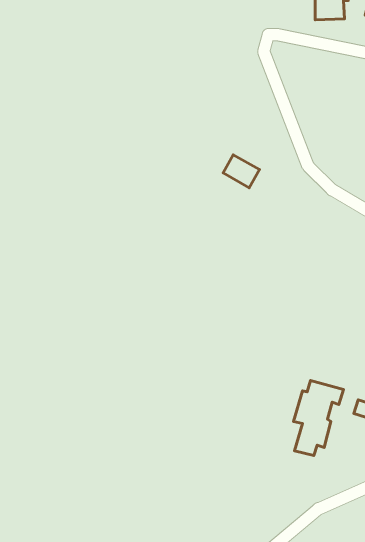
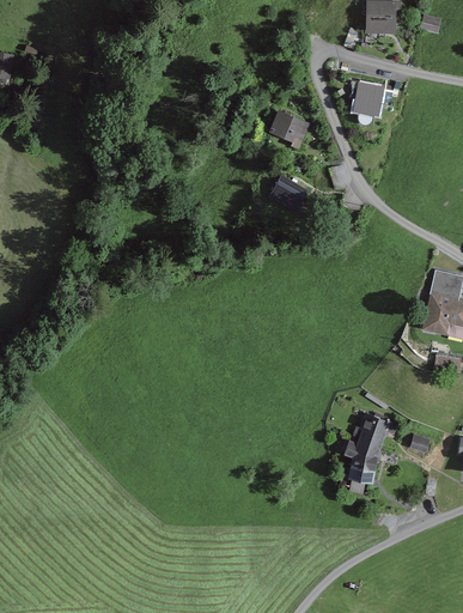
building: none -> [354,84,384,113]
building: none -> [268,113,306,144]

